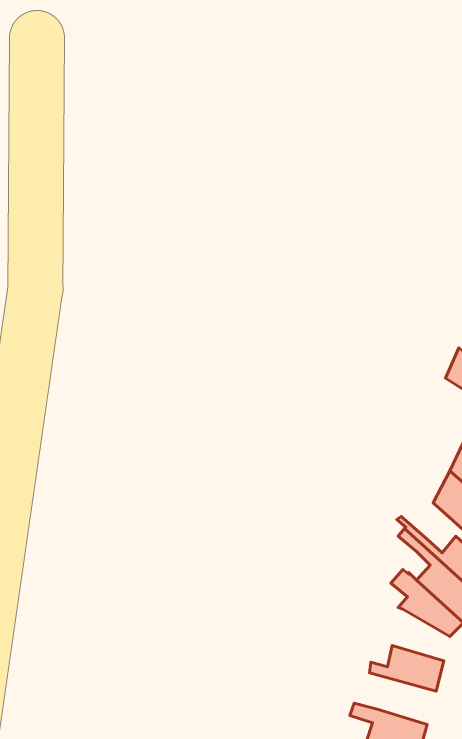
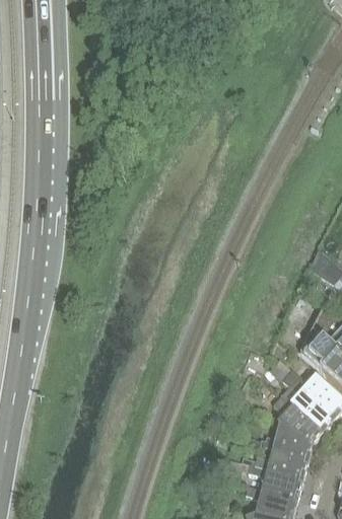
building: none -> [264,425,313,459]
building: none -> [257,467,303,502]

